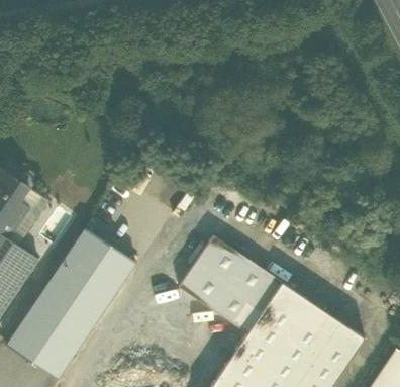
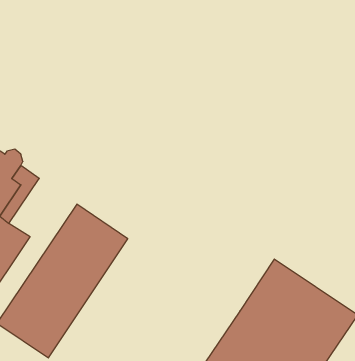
building: [178,235,281,333] -> none

